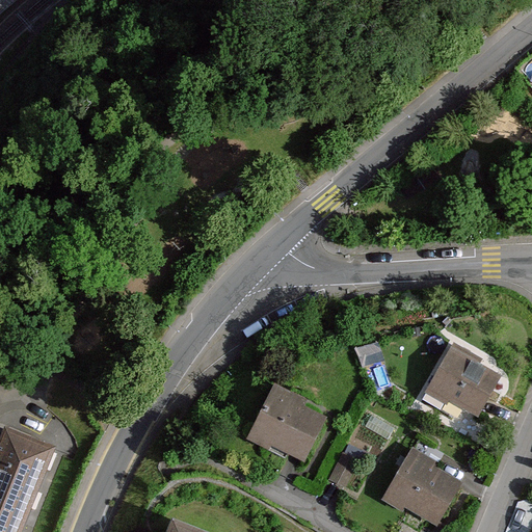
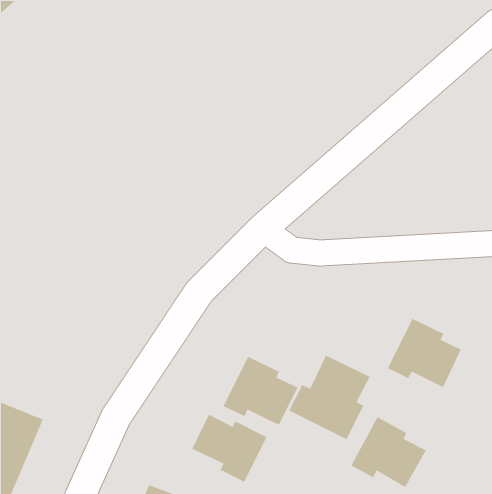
building: none -> [288,354,371,440]
building: none -> [191,413,268,483]

